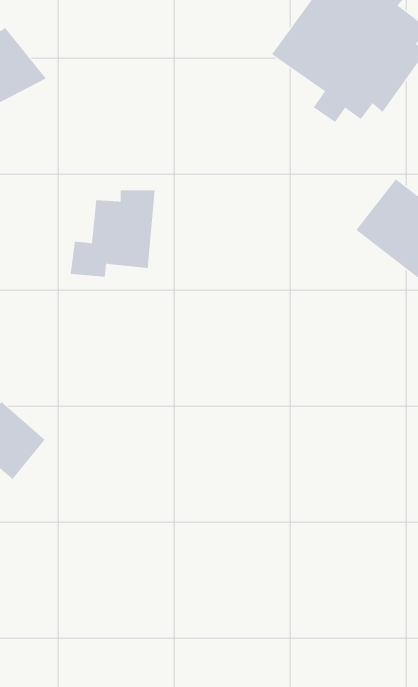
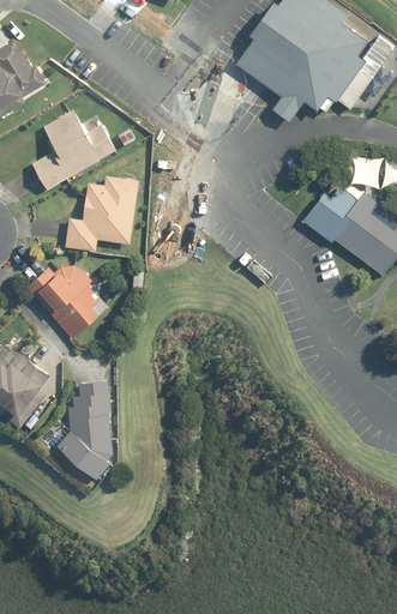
building: none -> [31,109,116,191]
building: none -> [24,265,100,342]
building: none -> [58,380,112,480]

